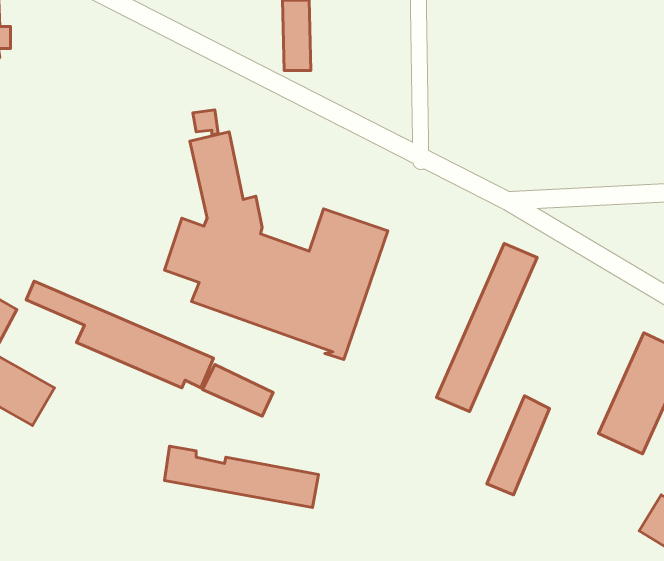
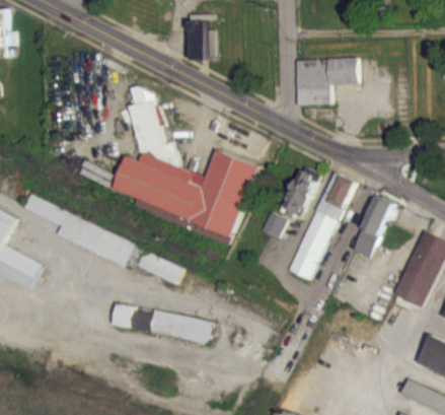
building: none -> [295,58,357,105]
building: none -> [282,165,319,219]
building: none -> [259,211,285,237]
building: [487,396,550,495] -> [351,194,391,258]

